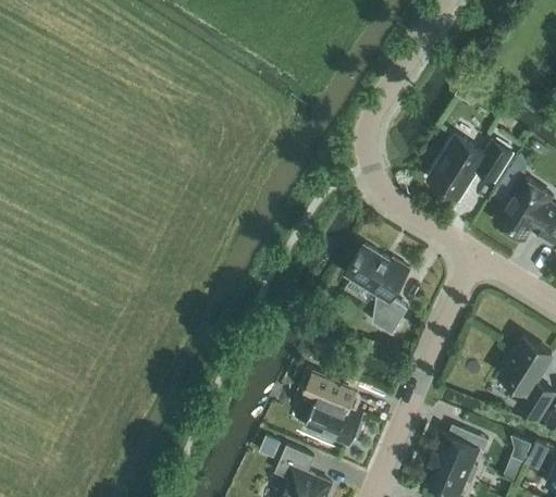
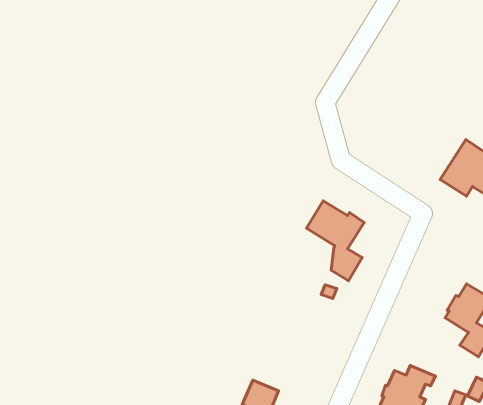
building: [429,136,512,200] -> none
building: [305,371,365,446] -> none

